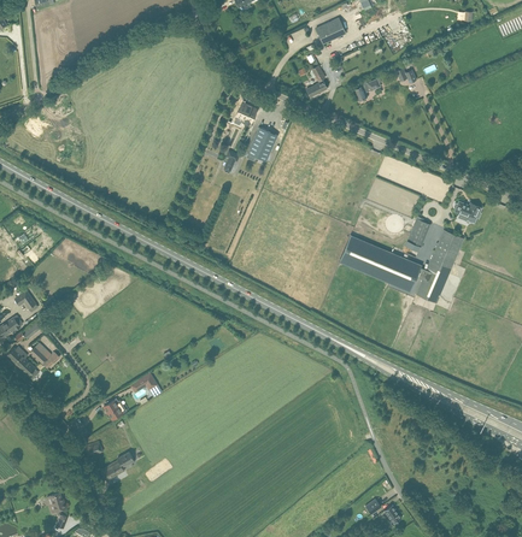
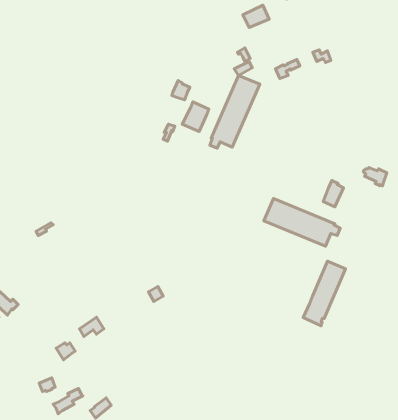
building: none -> [210,75,260,148]
building: [415,230,463,303] -> [303,261,346,326]

